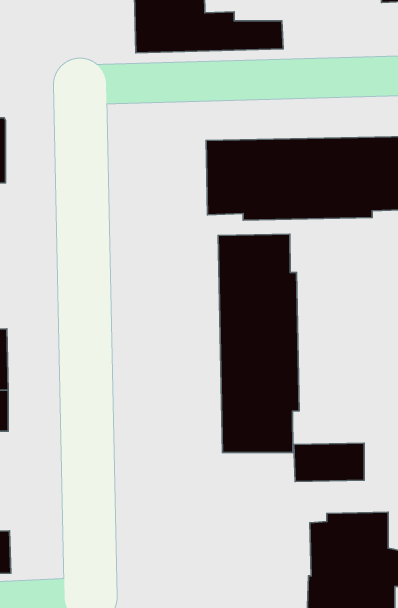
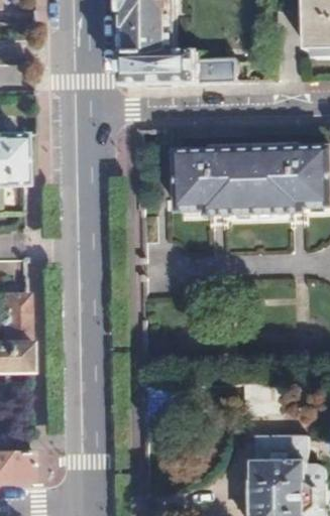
building: [218,234,299,452] -> none

